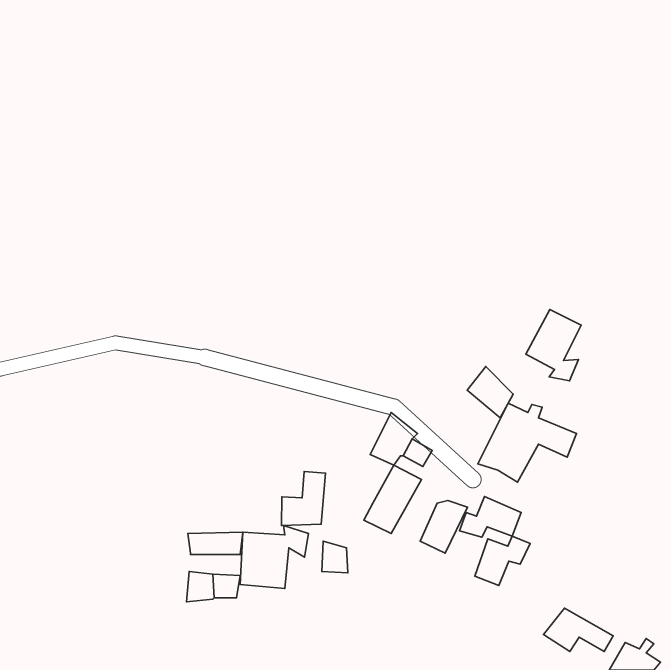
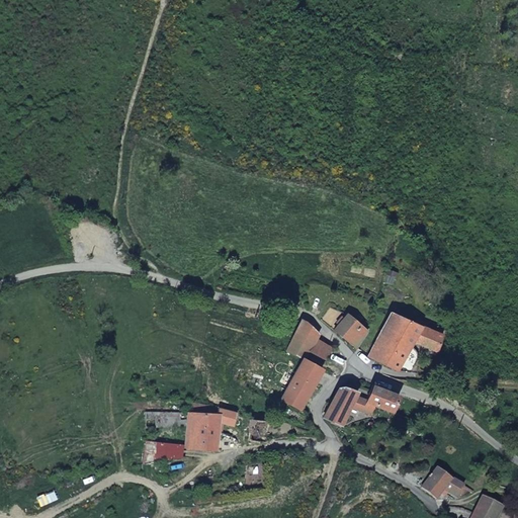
building: [526,309,581,381] -> none
building: [467,367,513,418] -> [333,311,368,350]
building: [281,471,326,526] -> none
building: [475,536,530,585] -> none

